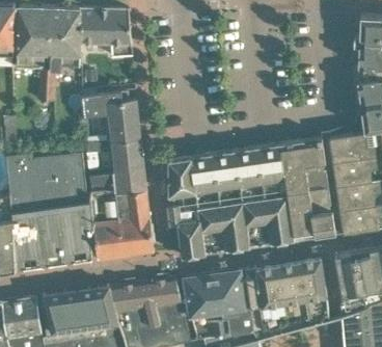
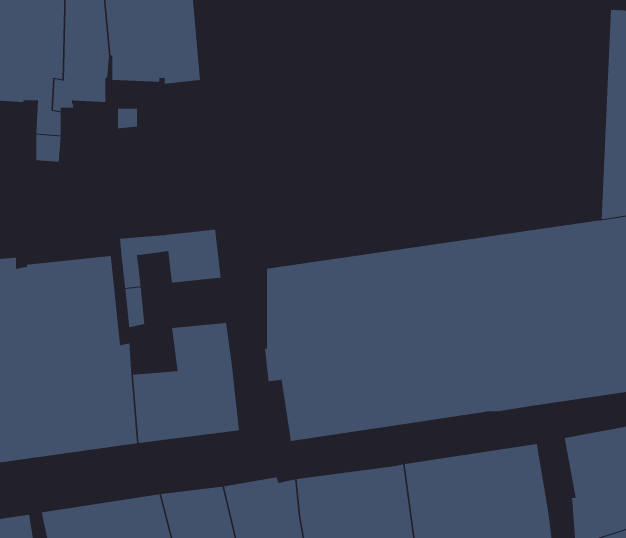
building: [82,92,140,142] -> none
building: [113,166,146,194] -> none

